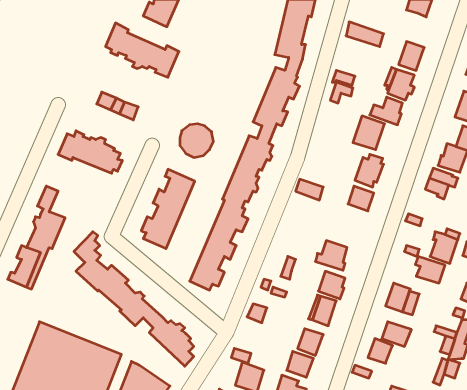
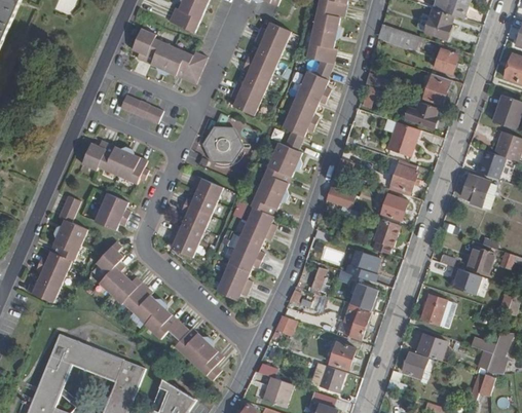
building: none -> [423,8,452,38]
building: none -> [227,21,290,115]
building: none -> [92,191,128,228]
building: none -> [373,219,399,254]

